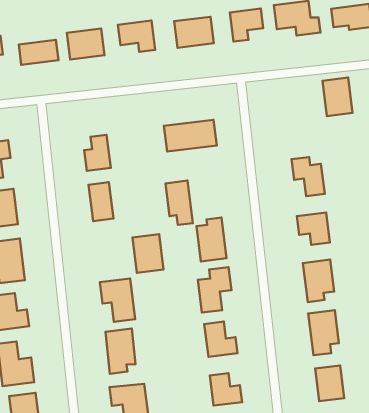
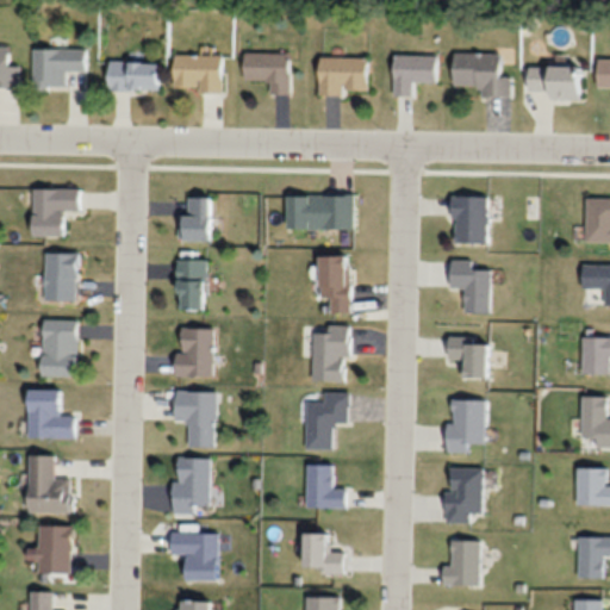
building: [322,78,352,116] -> [450,195,485,243]
building: [165,181,193,225] -> [319,255,349,312]
building: [132,234,164,273] -> [176,328,212,375]

